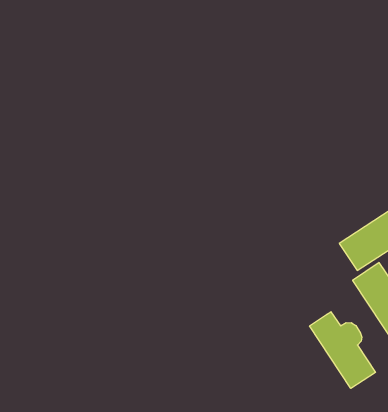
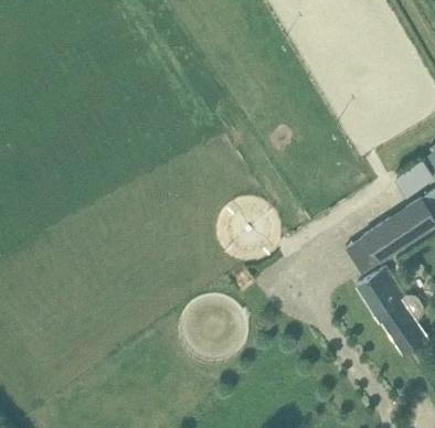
building: [310,312,375,388] -> none

